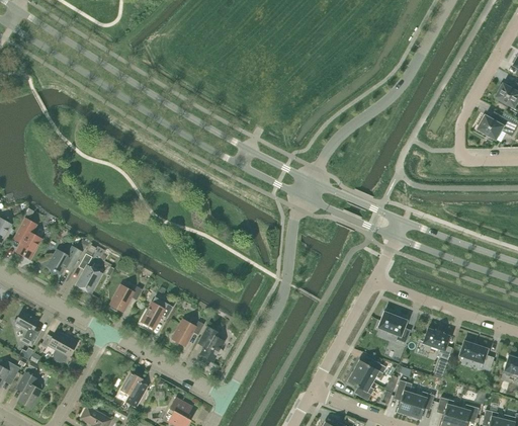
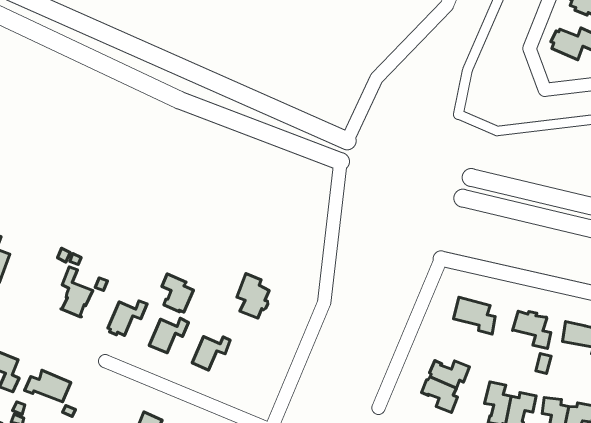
building: [47,247,82,274] -> none
building: none -> [162,274,193,312]
building: [198,327,224,362] -> [237,274,269,318]

